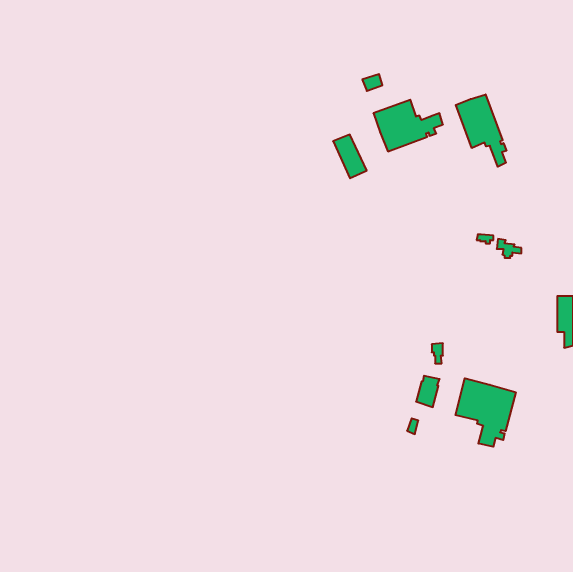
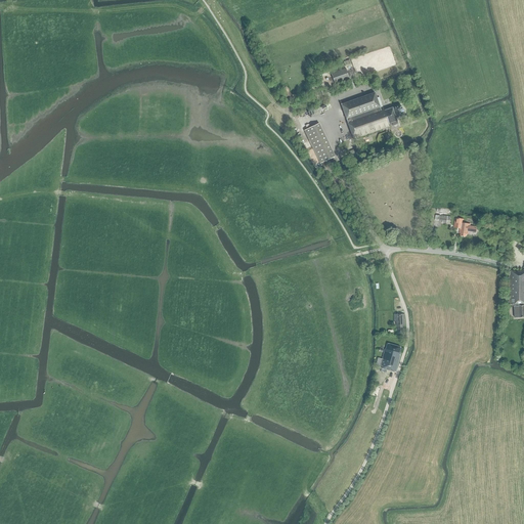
building: [456,94,506,167] -> none
building: [455,378,516,447] -> none

